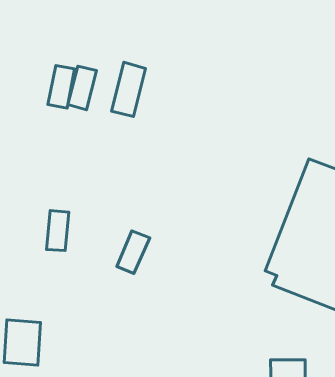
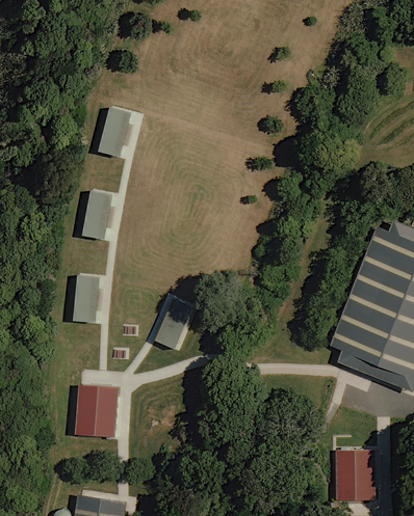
building: [112,62,145,117] -> none
building: [48,65,74,108] -> [81,190,112,240]
building: [4,320,41,365] -> [76,384,119,437]

